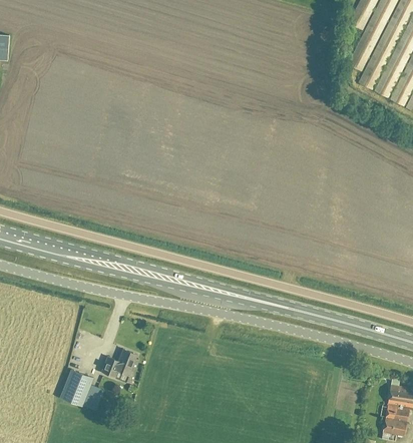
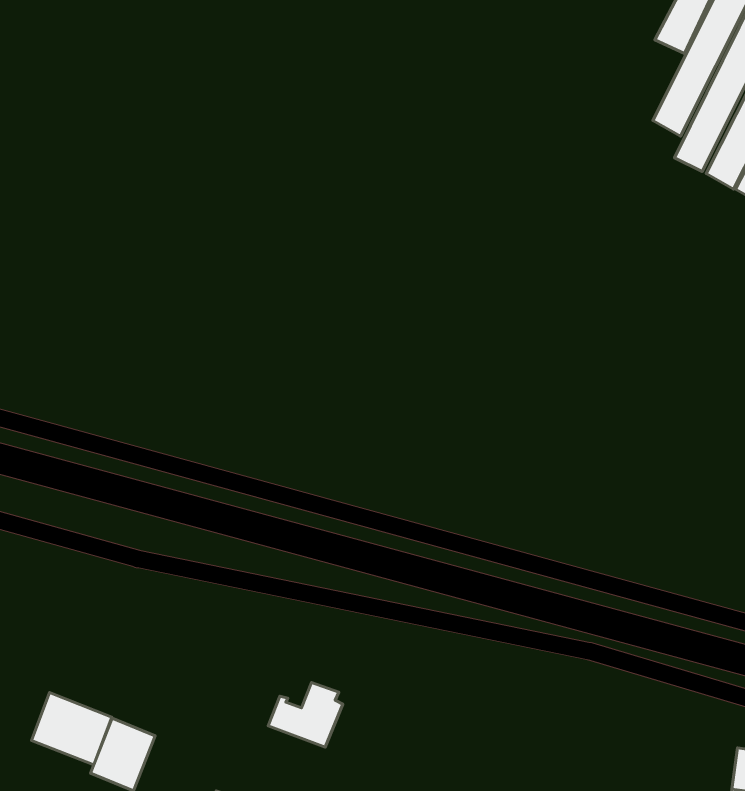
building: [102,349,140,382] -> [268,682,343,747]
building: none -> [31,693,112,765]

